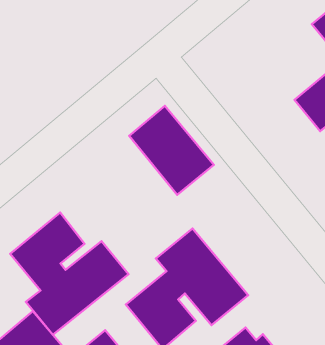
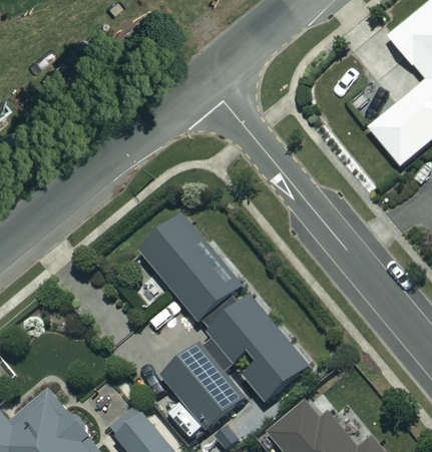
building: [129,106,214,195] -> [140,213,243,321]
building: [10,213,128,335] -> none

